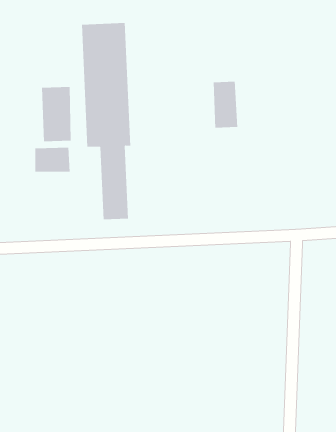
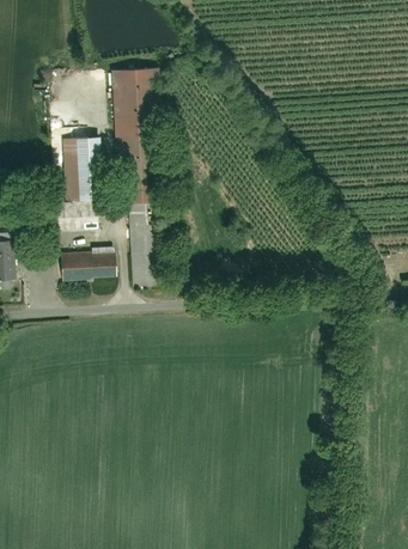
building: [213,81,238,129] -> none
building: none -> [56,250,112,280]

